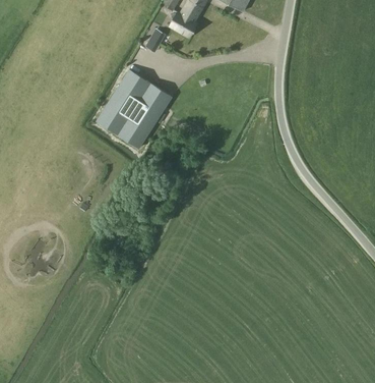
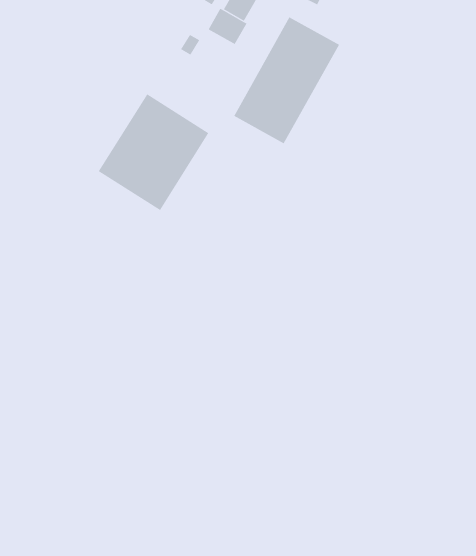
building: none -> [233,17,340,144]

